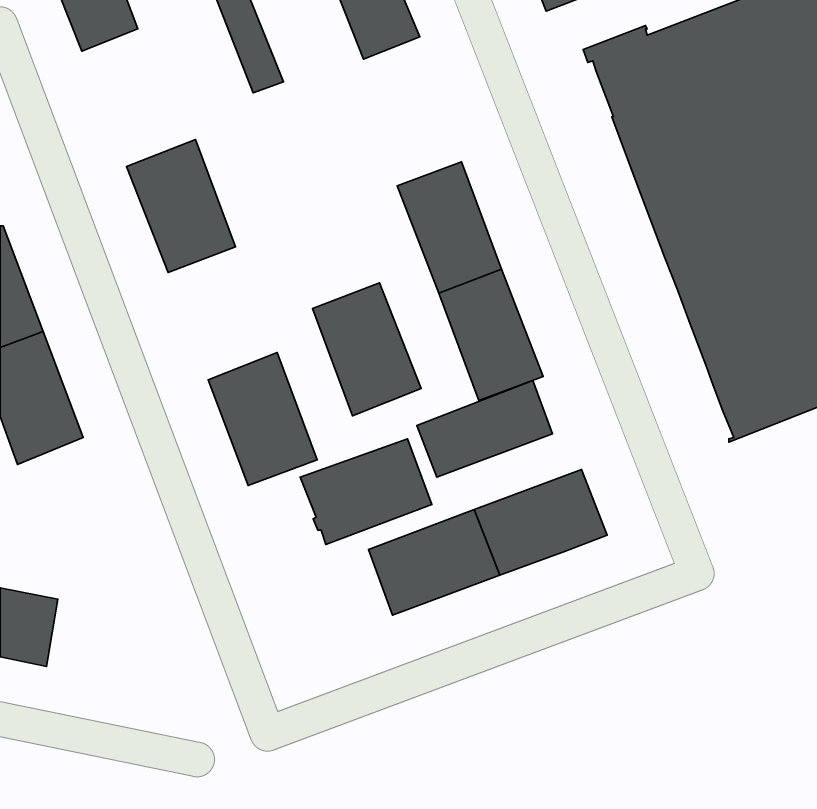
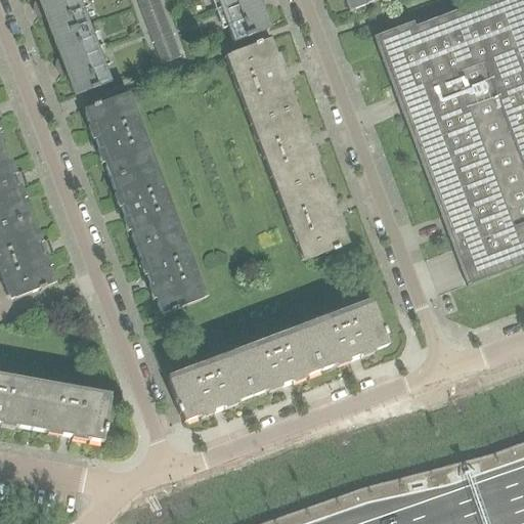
building: none -> [53,18,112,91]
building: none -> [228,35,296,119]
building: [312,283,421,416] -> [108,158,178,243]
building: [417,380,553,477] -> none
building: [300,439,432,544] -> [168,351,252,419]
building: none -> [31,383,111,438]

